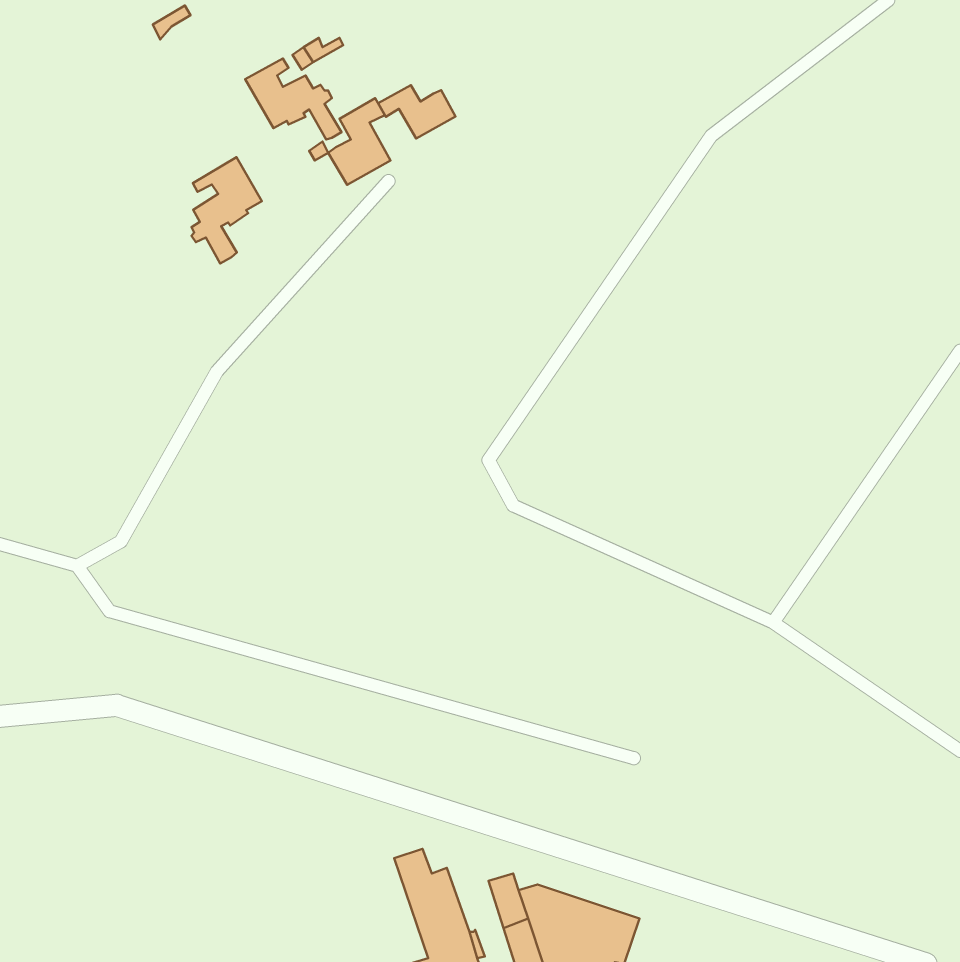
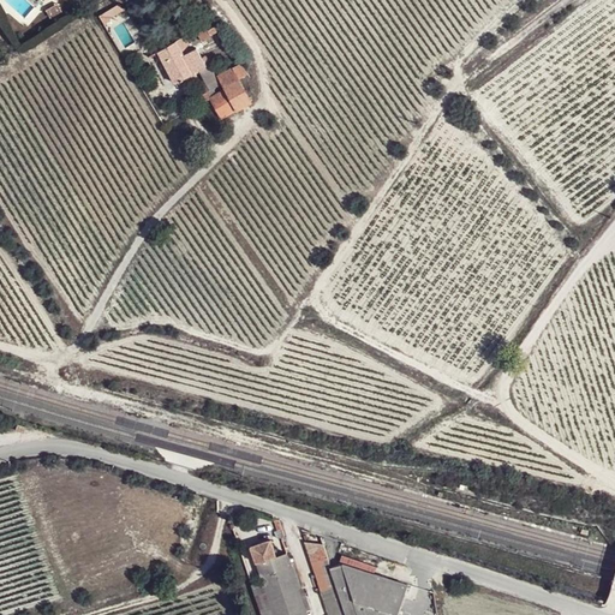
building: [378,85,455,139] -> none
building: [192,157,262,263] -> none

